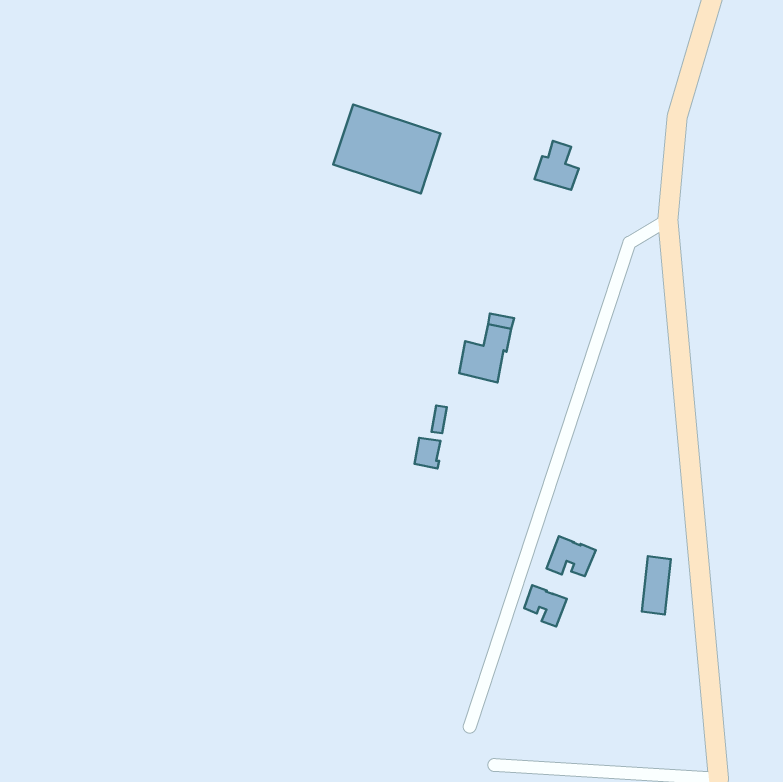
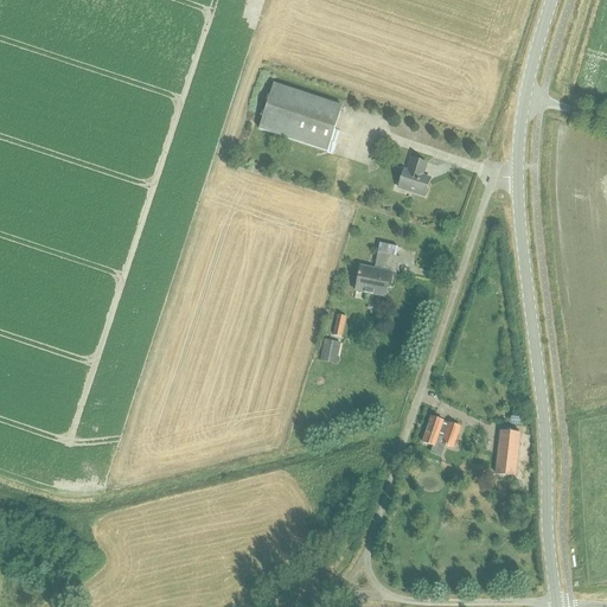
building: [534,141,579,190] -> [396,155,430,193]
building: [524,585,567,626] -> none

